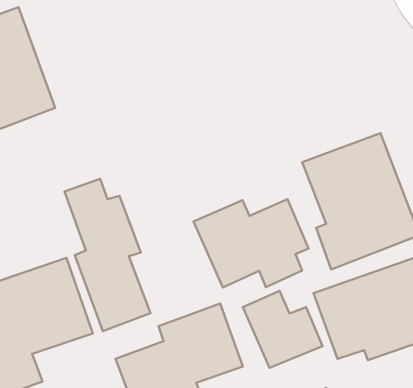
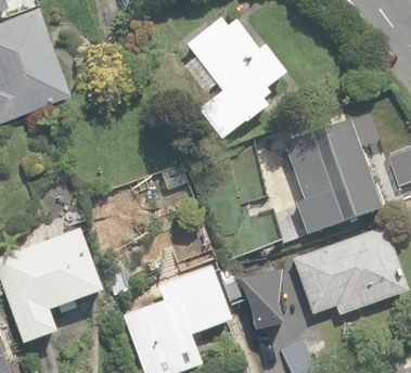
building: none -> [184,18,285,121]
building: [64,179,150,331] -> none
building: [194,199,309,287] -> none

